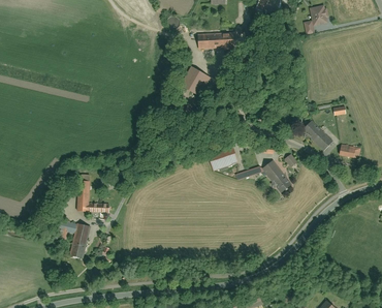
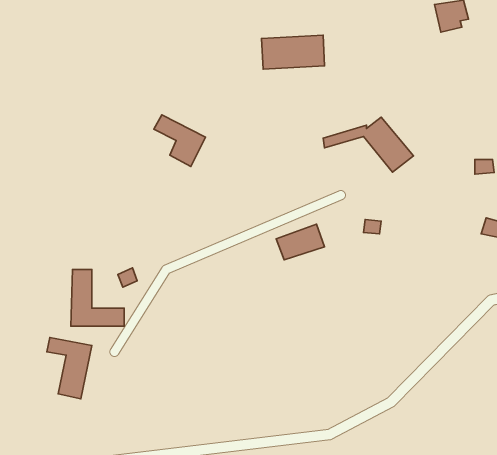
building: [180,65,213,98] -> [154,115,205,166]
building: [304,121,335,151] -> none
building: [236,159,294,194] -> [323,117,413,172]

